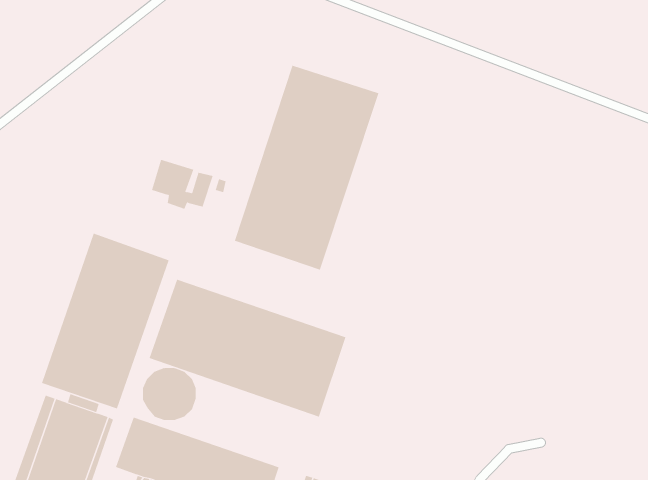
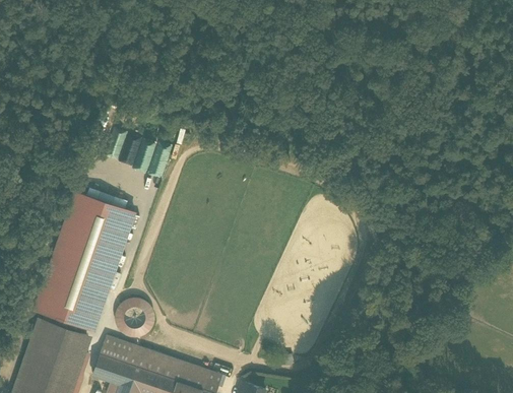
building: [234,65,379,270] -> none
building: [149,279,346,417] -> none

